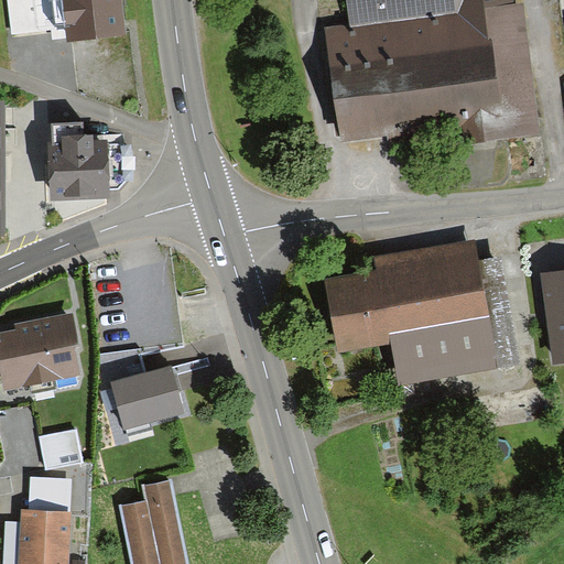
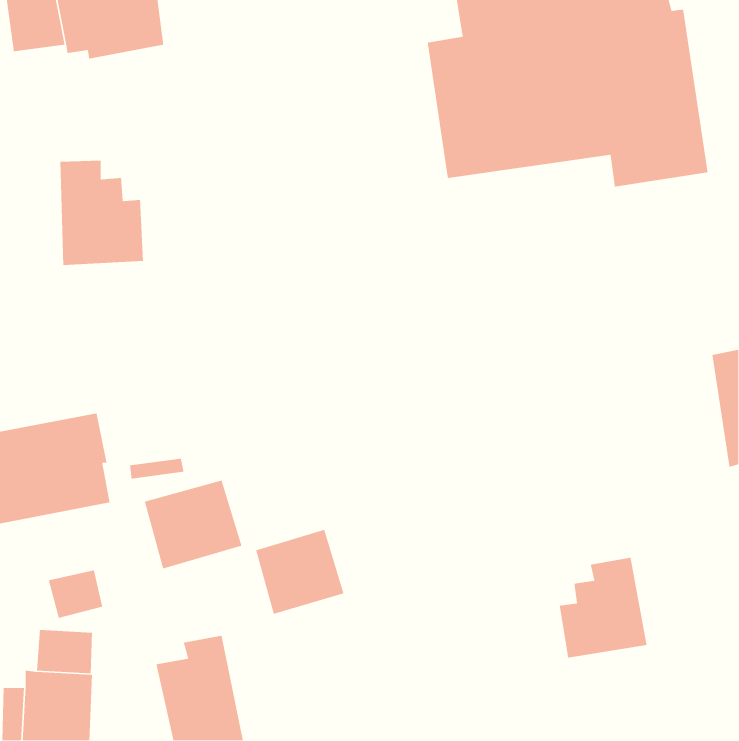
building: [325,239,517,384] -> none
building: none -> [255,529,345,615]
building: none -> [559,557,648,658]

